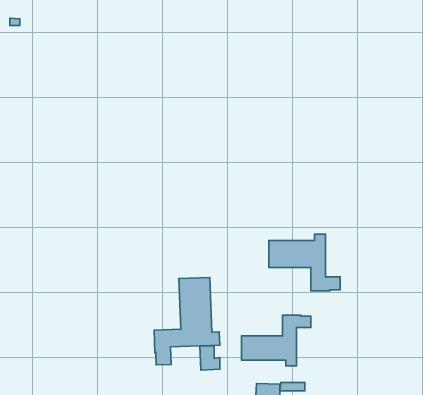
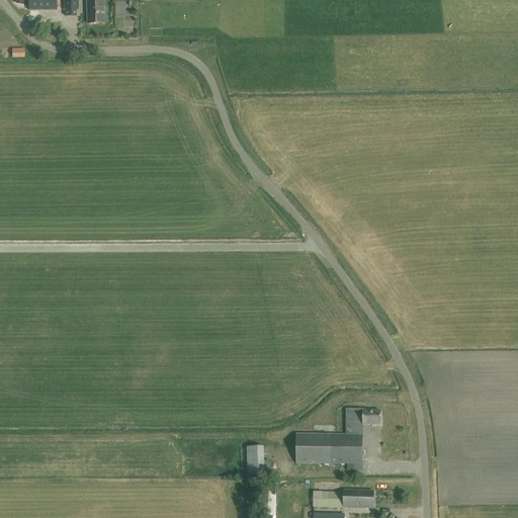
building: [269,234,340,291] -> none
building: [154,278,220,365] -> none

